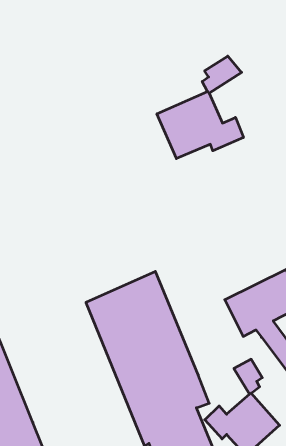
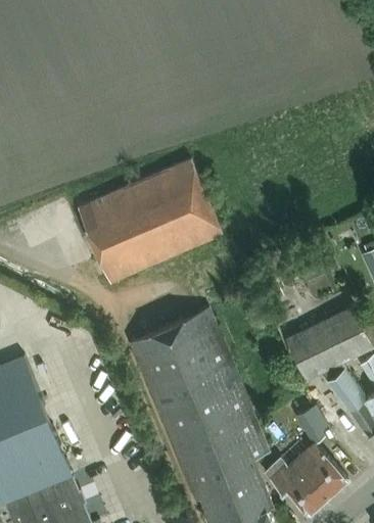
building: [157,56,243,159] -> none
building: none -> [78,160,223,284]

